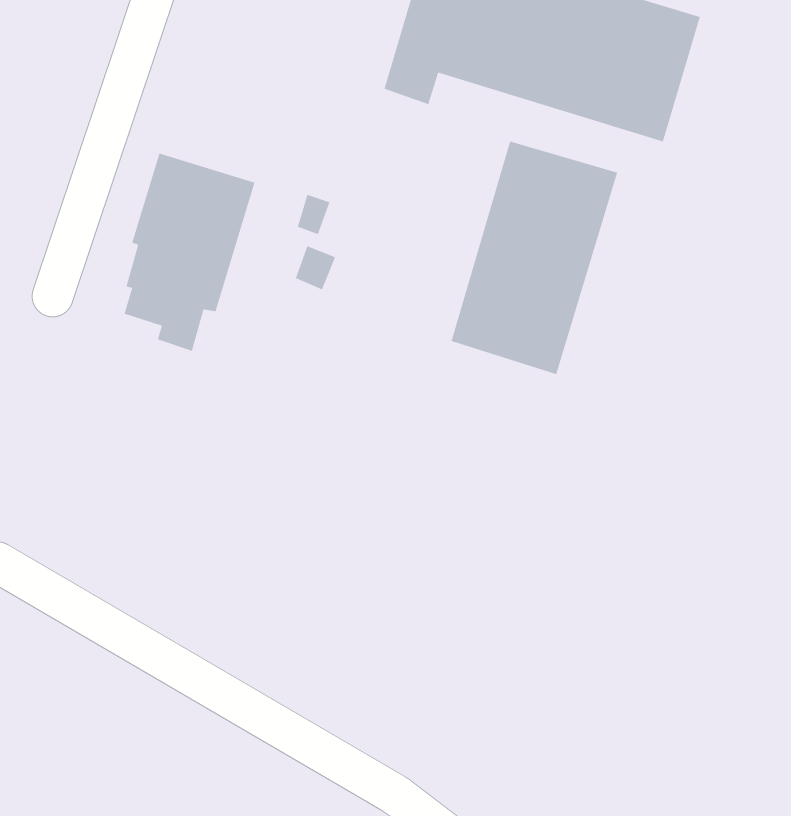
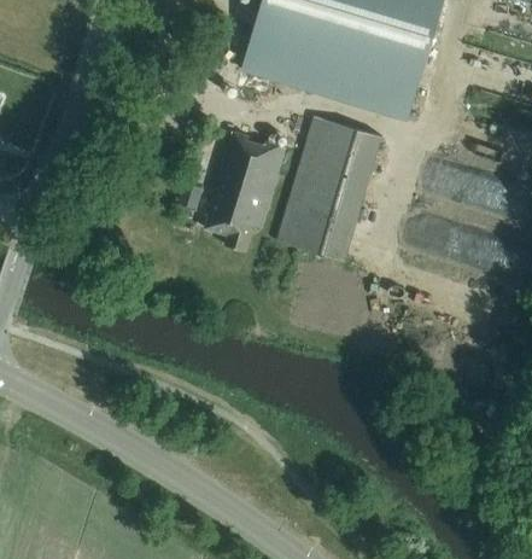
building: [123,153,255,352] -> [205,129,286,251]

